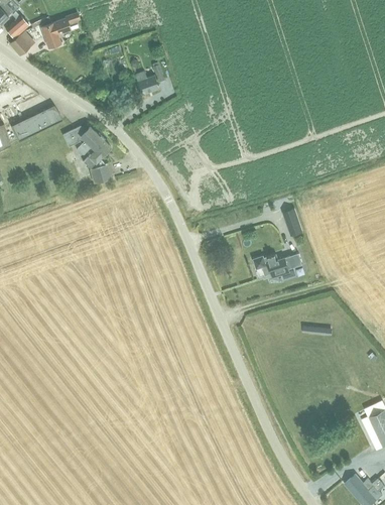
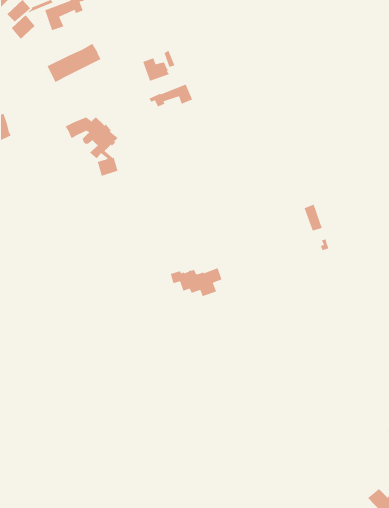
building: none -> [149,84,193,108]
building: [11,105,62,142] -> [47,43,102,83]
building: [253,253,302,281] -> [170,267,223,297]

